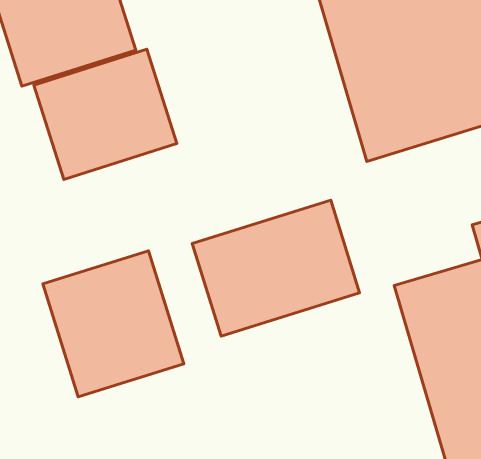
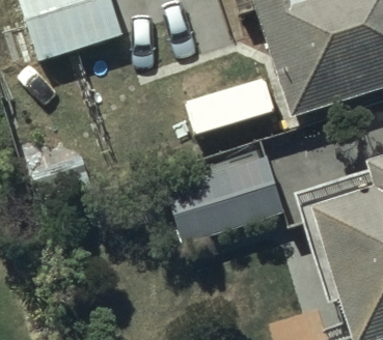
building: [34,49,177,179] -> none
building: [43,251,184,397] -> none

